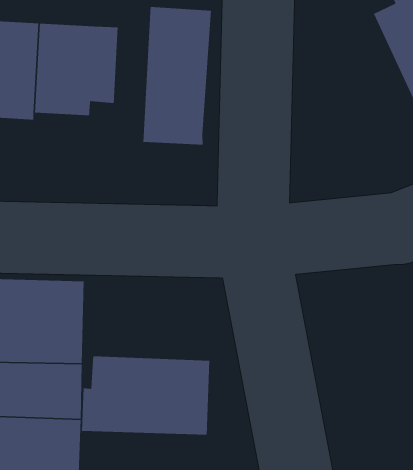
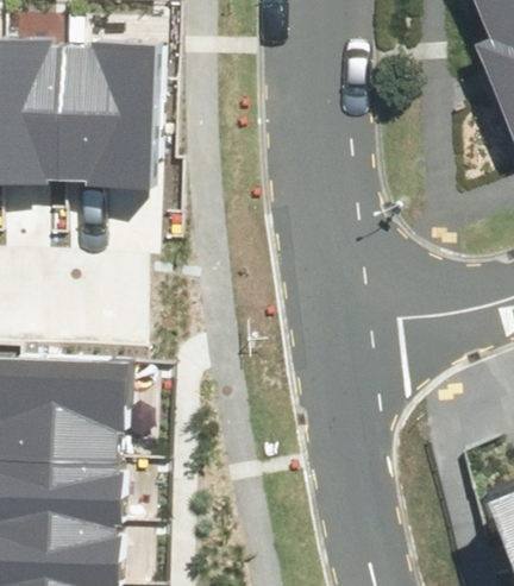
building: [143,6,212,146] -> none
building: [81,355,210,435] -> none

